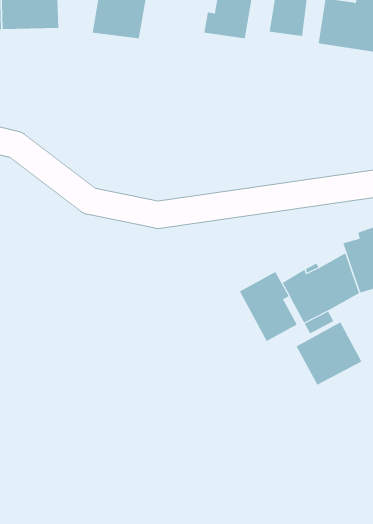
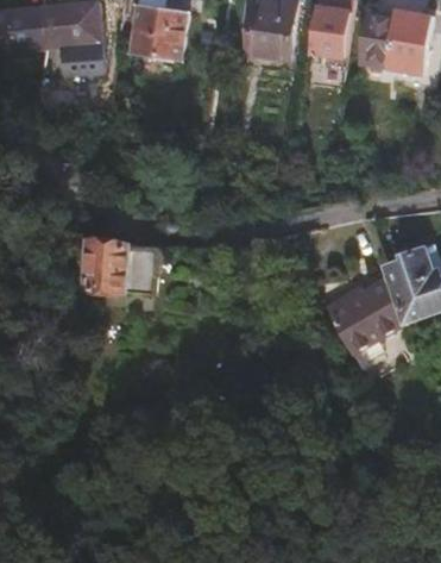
building: none -> [70,238,156,294]
building: [239,271,297,342] -> none
building: [296,321,362,386] -> none

